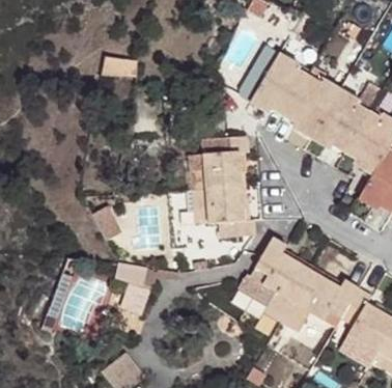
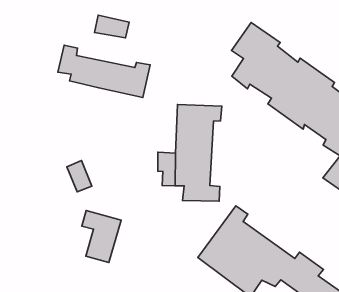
building: none -> [58,45,150,98]
building: [46,262,105,331] -> none

